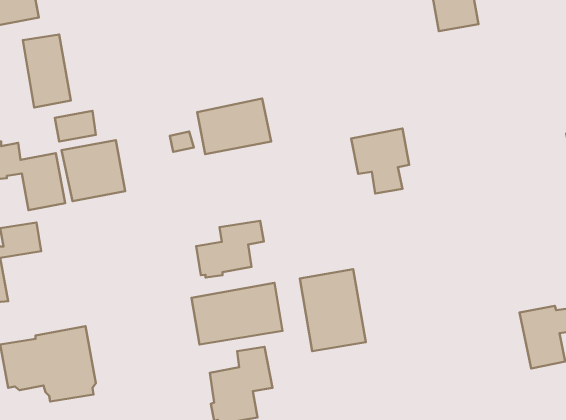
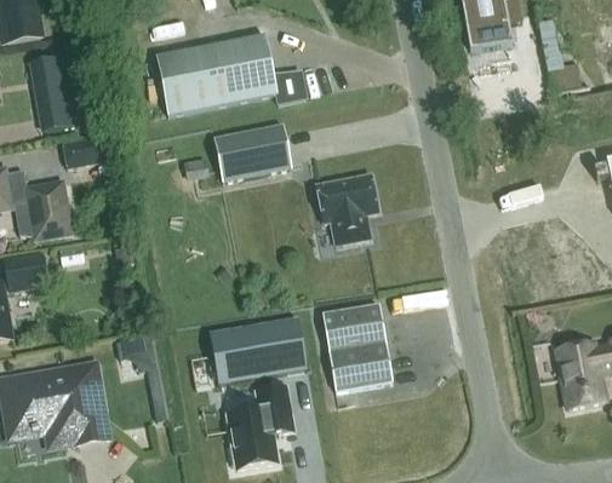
building: none -> [156,35,305,116]
building: [351,128,409,193] -> [316,174,378,243]
building: [62,140,125,201] -> none
building: [196,221,264,278] -> none

